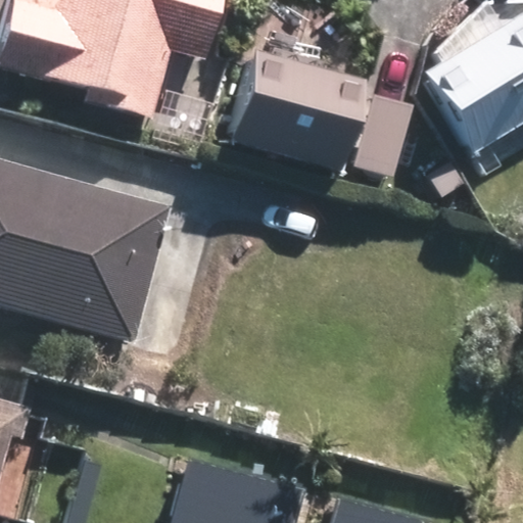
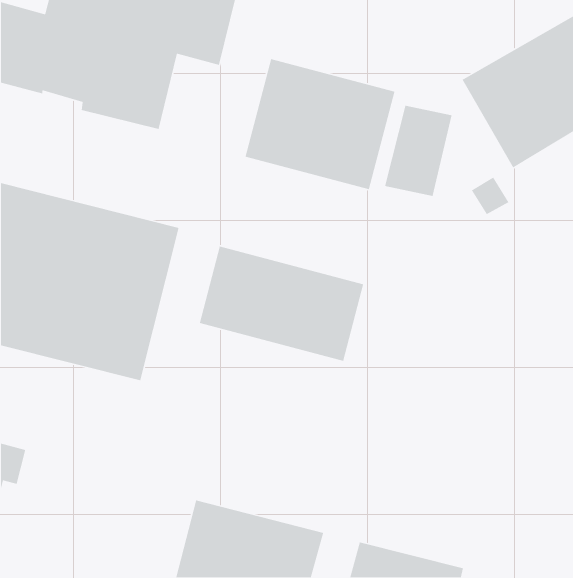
building: none -> [199,245,364,362]

